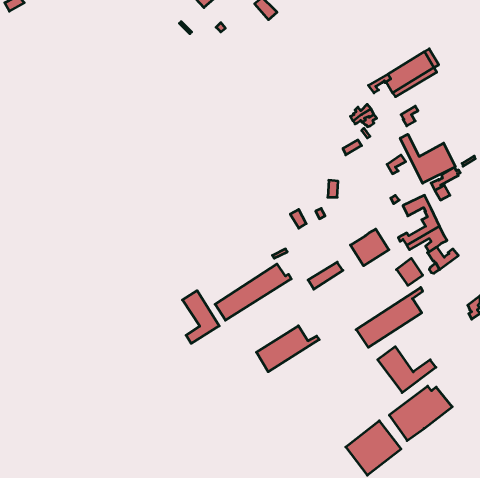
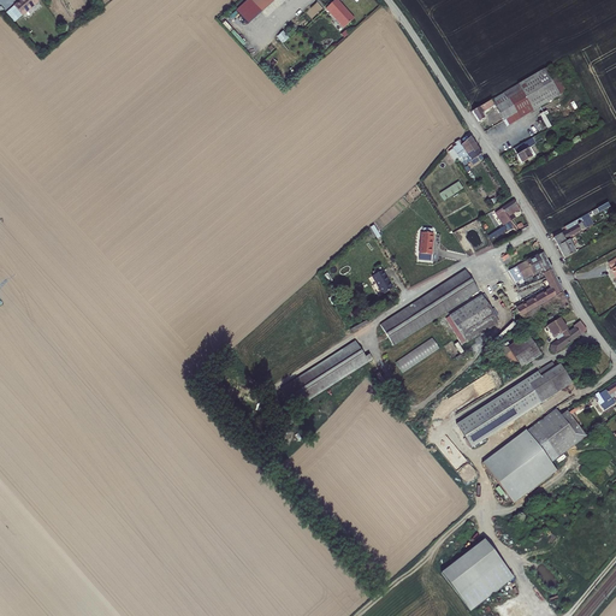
building: [400,134,455,183] -> none
building: none -> [380,267,479,344]
building: none -> [528,360,571,401]
building: [182,291,219,343] -> none
building: [256,326,319,372] -> none
building: [389,386,452,441] -> [507,407,587,476]

